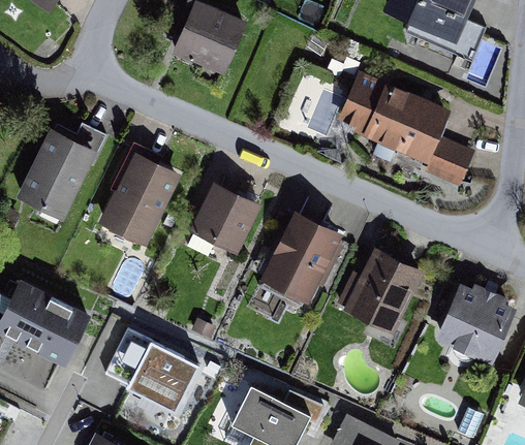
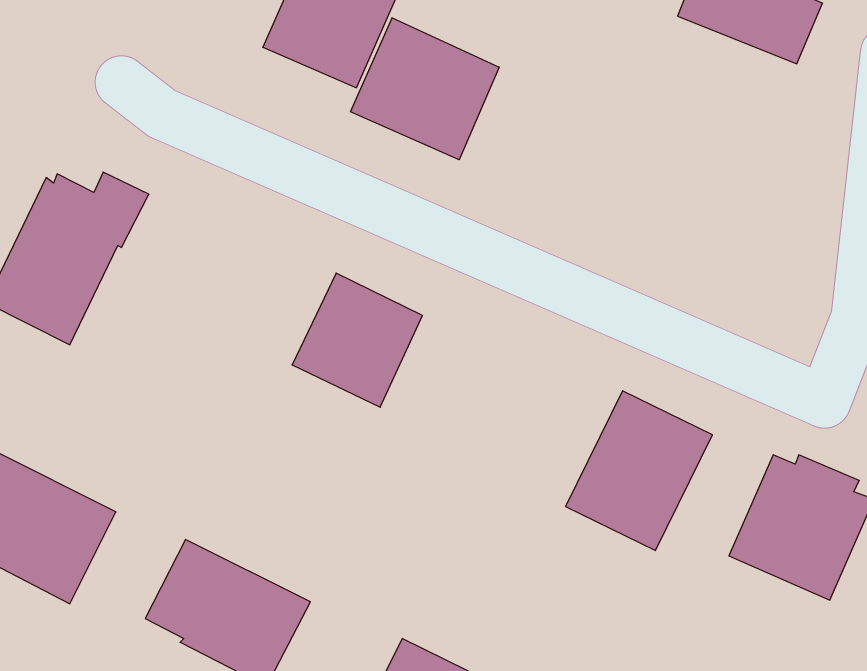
building: none -> [350,18,499,160]
building: [338,71,474,189] -> none
building: [98,142,182,248] -> none
building: [258,210,343,306] -> none

